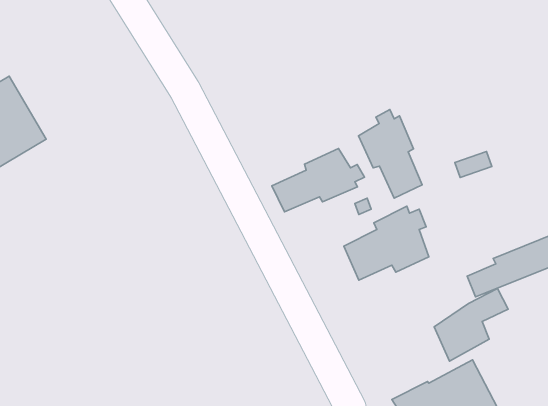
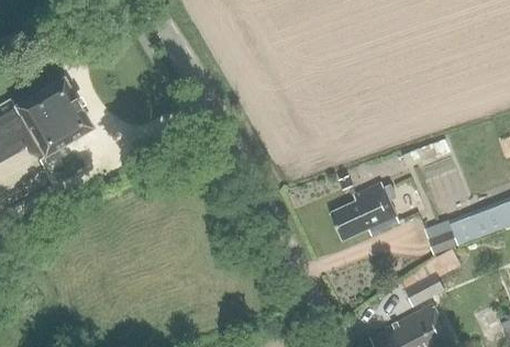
building: [359,110,422,198] -> none
building: [272,149,364,212] -> none

